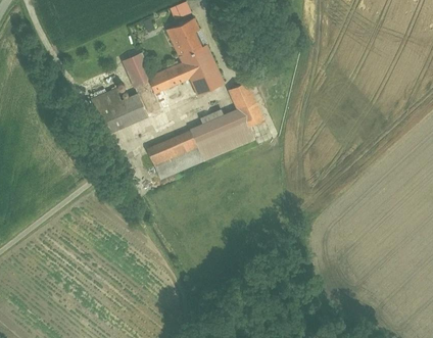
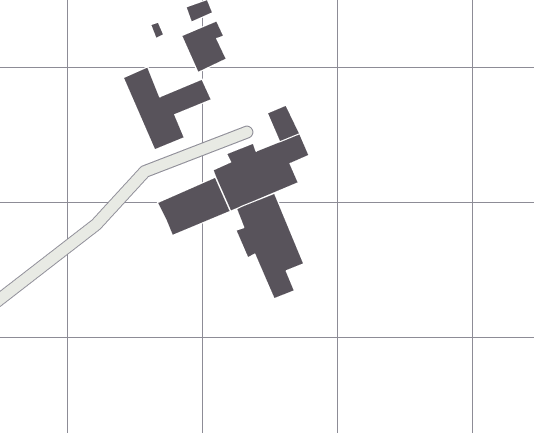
building: [179,44,223,93] -> none
building: [91,88,146,133] -> none
building: none -> [236,193,304,299]

